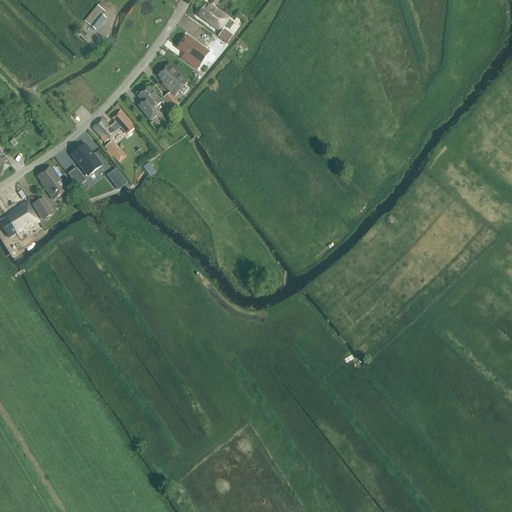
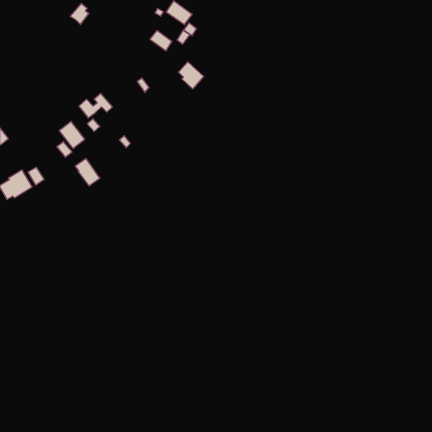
building: [157,62,187,94] -> [178,62,204,89]
building: [137,85,161,119] -> none
building: [37,166,66,198] -> [75,159,100,186]

